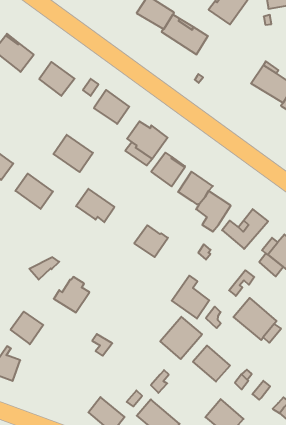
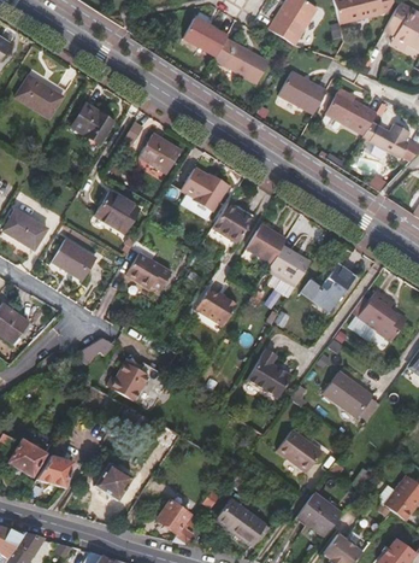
building: none -> [278,70,327,113]
building: [11,312,43,344] -> [94,462,132,500]
building: [160,317,202,359] -> none

